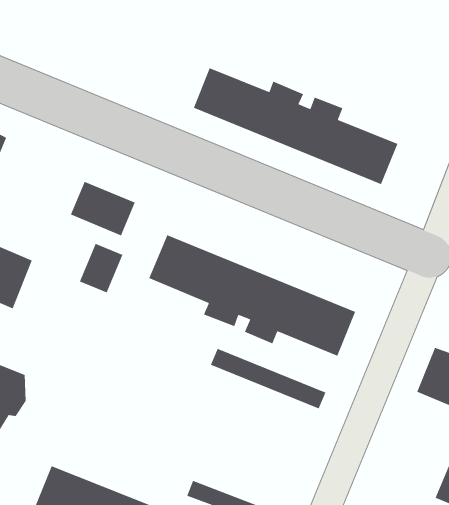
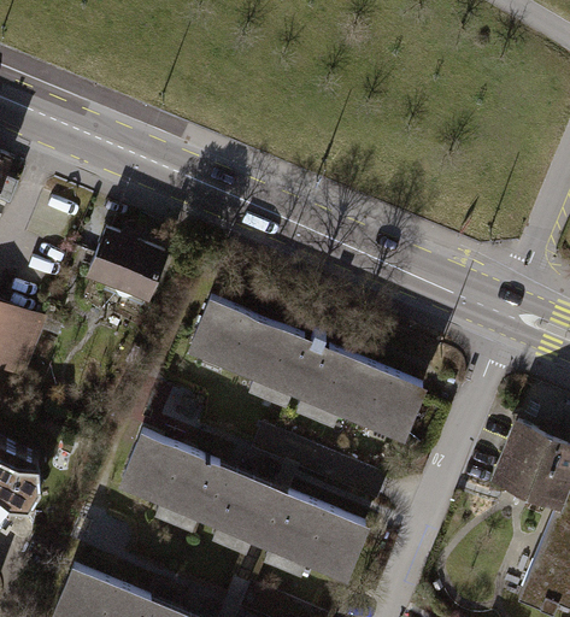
building: [193,67,399,185] -> none
building: [79,243,124,294] -> none
building: none -> [116,433,370,580]

